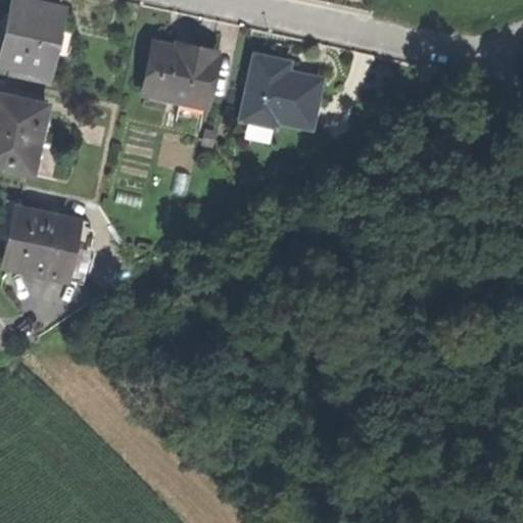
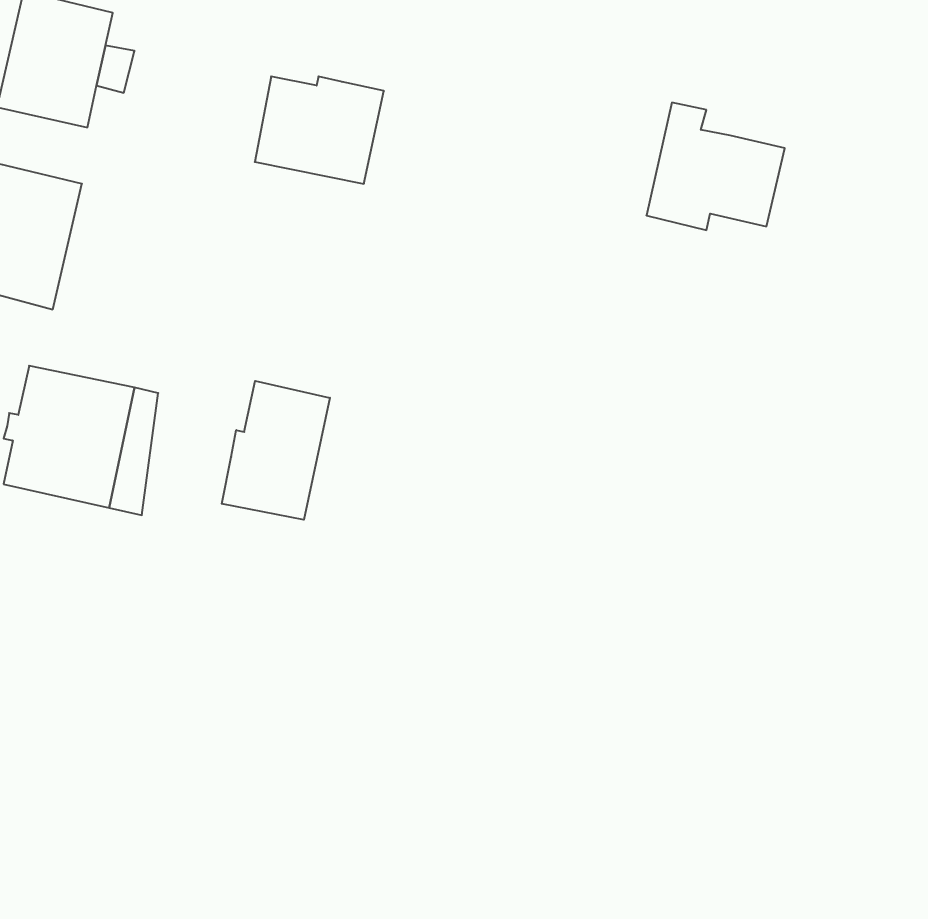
building: [241,55,319,127] -> [646,103,785,230]
building: none -> [222,381,330,520]

